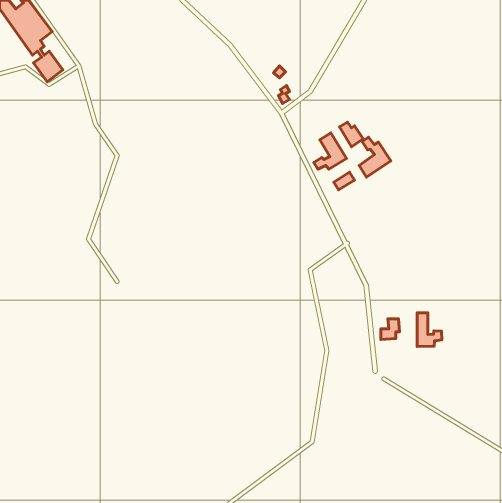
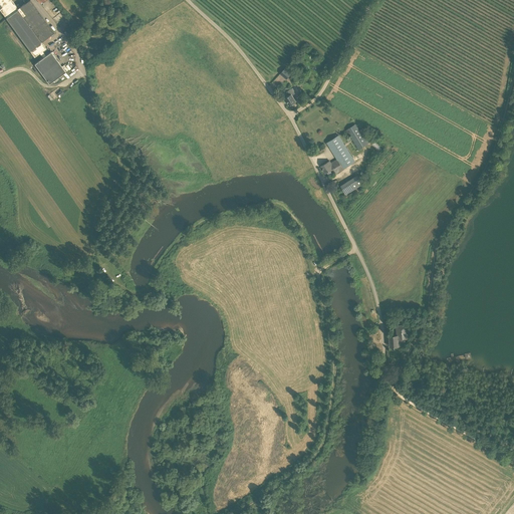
building: [359,137,391,177] -> none
building: [417,313,442,346] -> none

